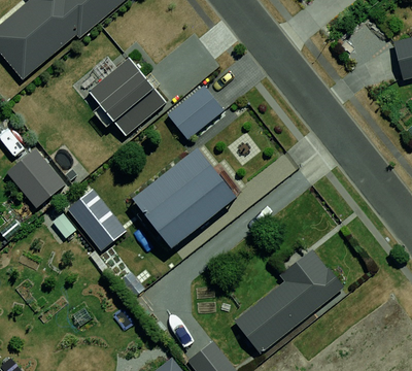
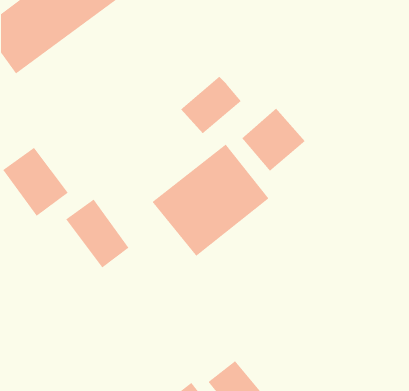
building: [79,60,162,143] -> none
building: none -> [241,107,306,172]
building: [230,251,341,352] -> none

